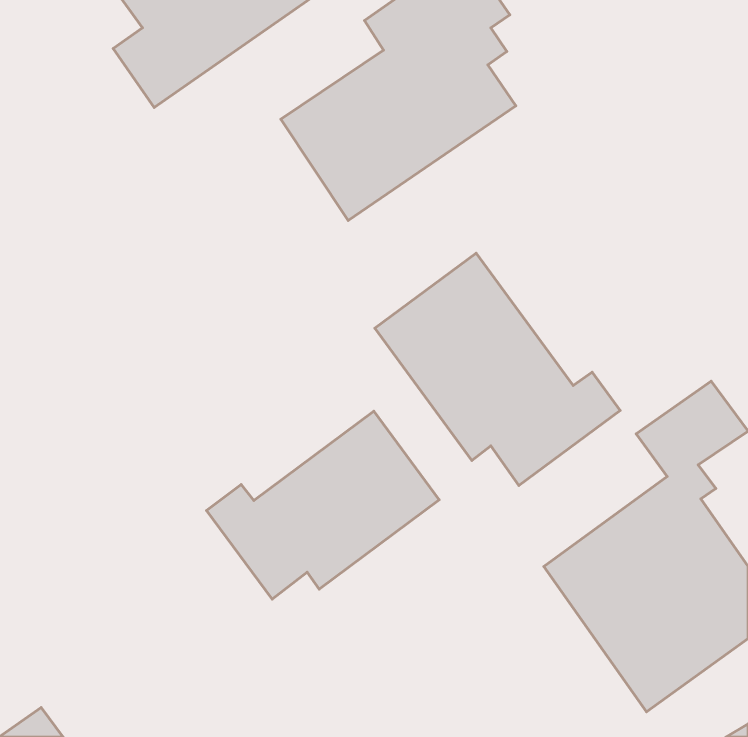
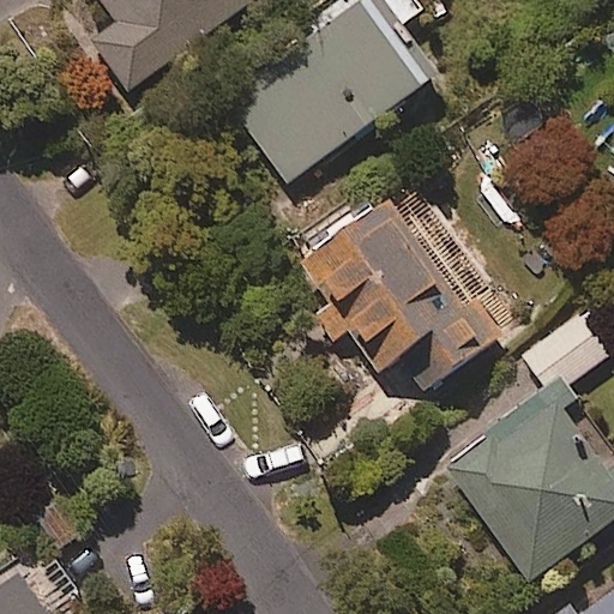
building: [207,411,439,599] -> none

